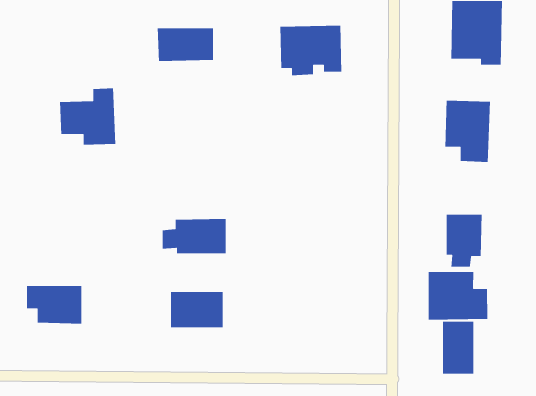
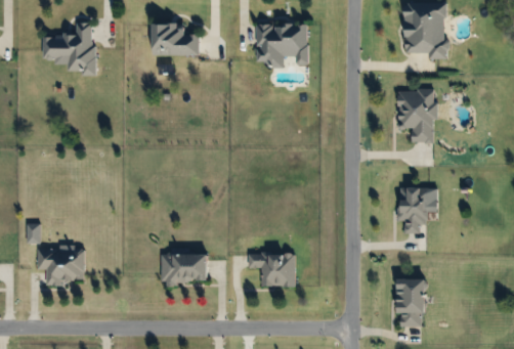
building: [59,87,116,146] -> [46,21,95,72]
building: [162,218,226,254] -> none
building: [428,271,488,320] -> none
building: none -> [248,253,295,286]

